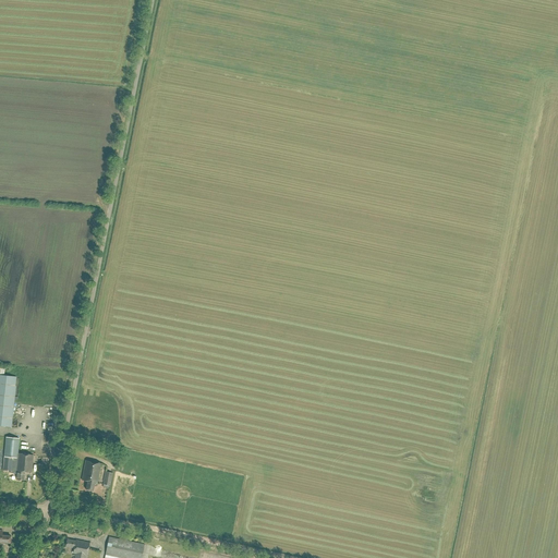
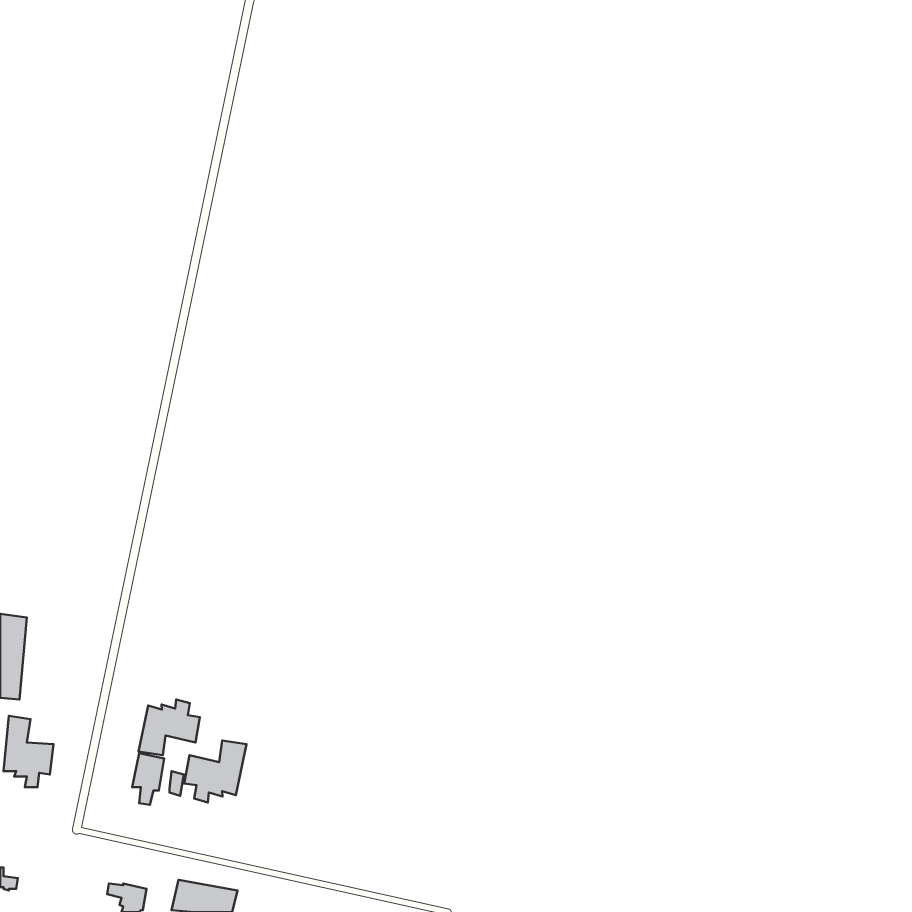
building: none -> [139,699,200,755]
building: none -> [184,741,246,802]

